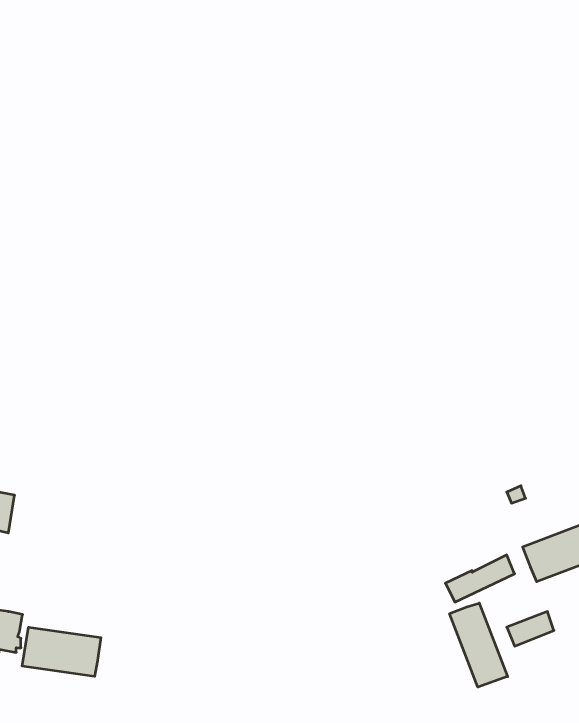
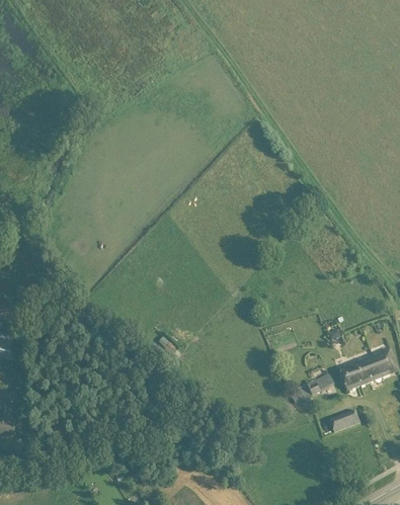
building: [450,603,508,687] -> none
building: [22,627,101,676] -> none

